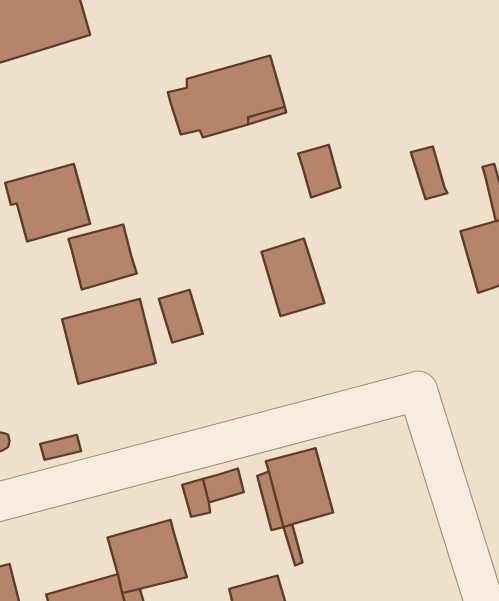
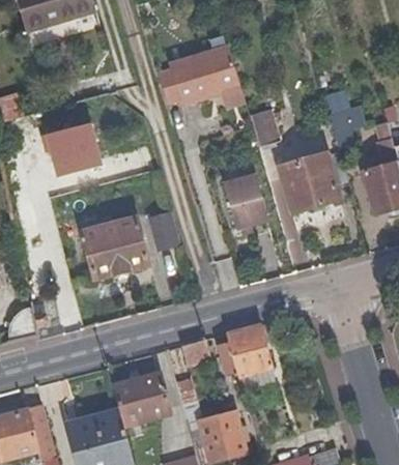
building: none -> [278,153,338,212]
building: [68,224,137,290] -> none

